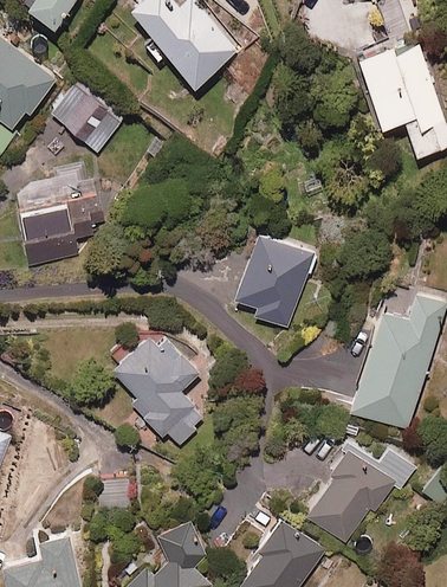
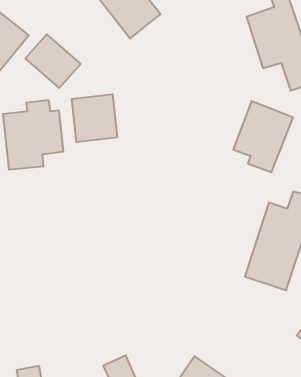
building: none -> [72,94,117,142]
building: [234,232,316,329] -> [233,101,293,172]
building: [112,325,208,451] -> none
building: [306,439,414,542] -> none

